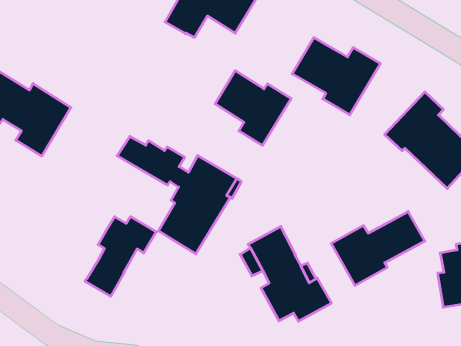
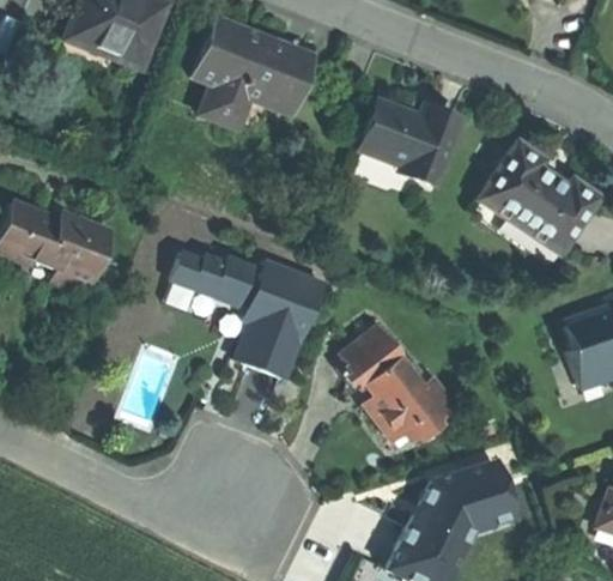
building: [215,71,291,145] -> none
building: [331,211,425,285] -> none
building: [85,217,156,296] -> none

